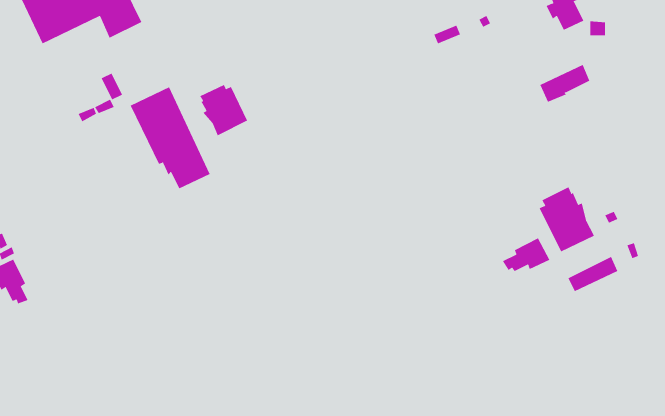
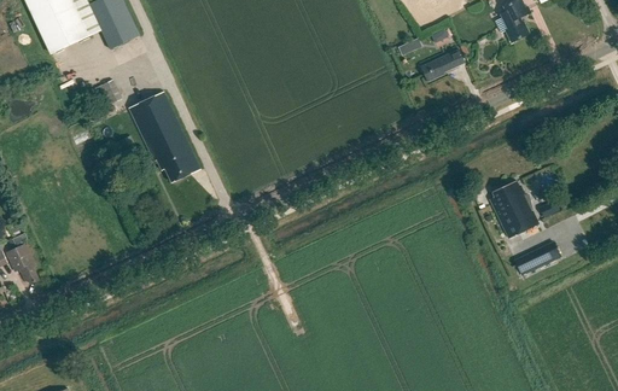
building: [539,64,590,103] -> [419,47,464,81]
building: [199,84,248,136] -> none
building: [502,238,550,272] -> none

